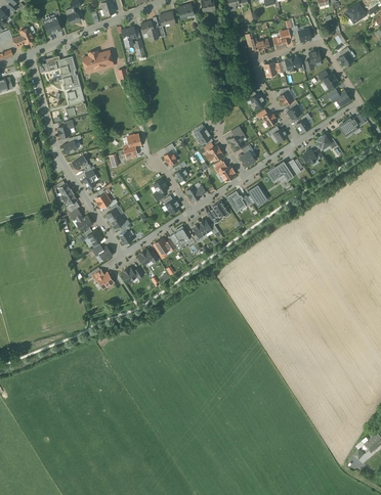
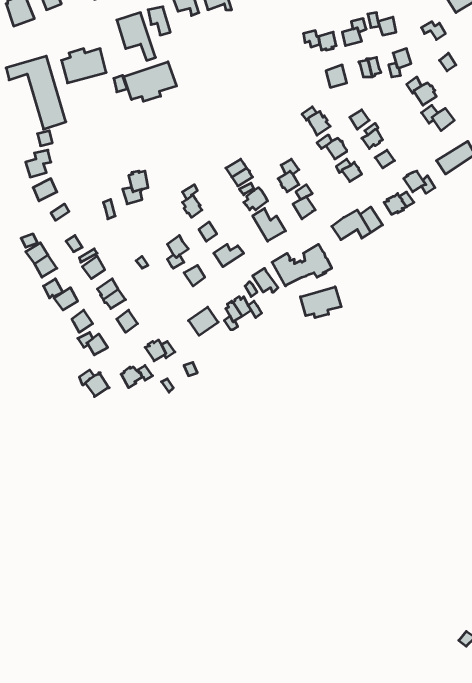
building: none -> [124,62,177,101]
building: none -> [300,287,341,318]

